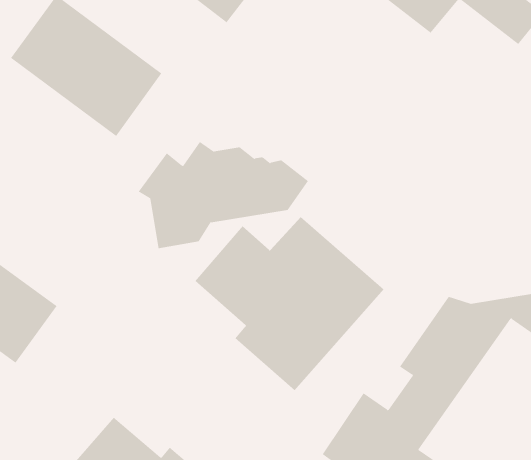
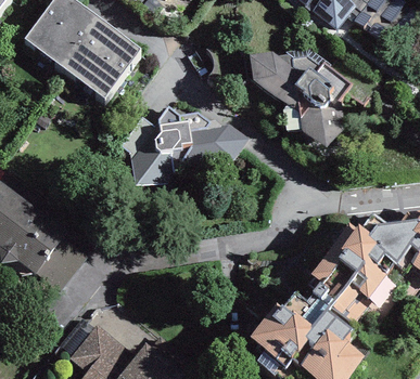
building: none -> [251,48,347,147]
building: [194,216,384,391] -> none

